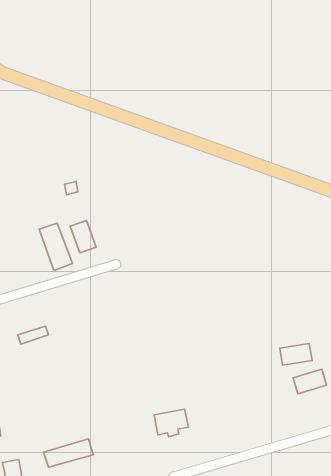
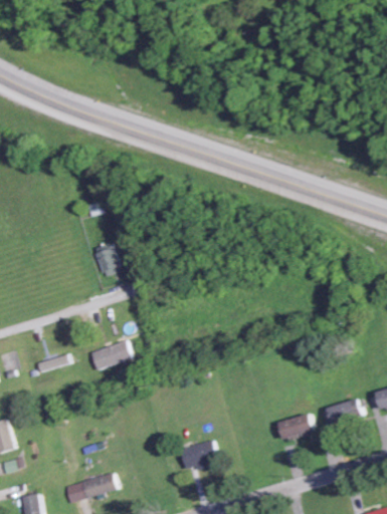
building: [39,223,73,270] -> none
building: none -> [90,339,132,369]
building: [280,343,312,365] -> [279,415,314,438]

